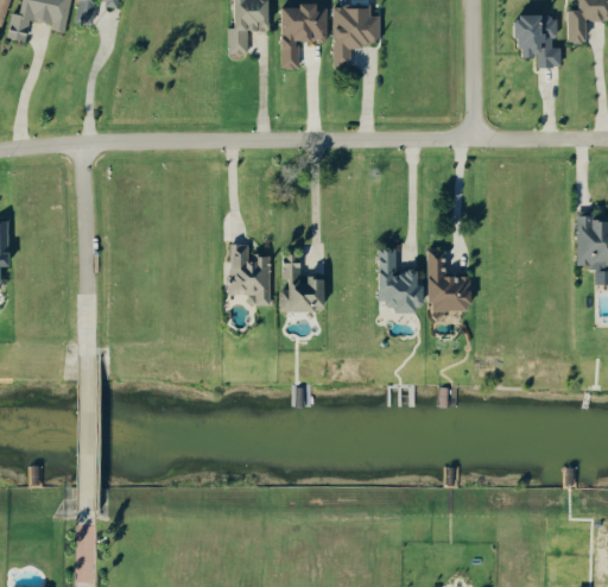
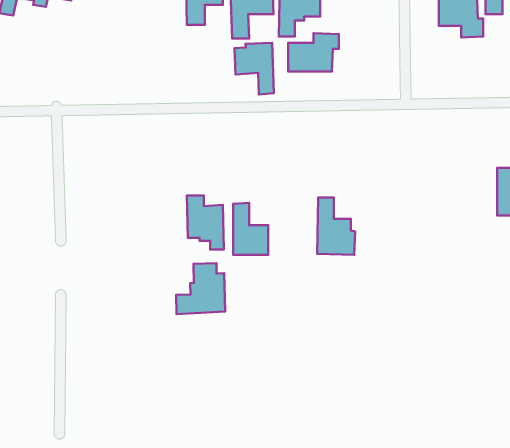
building: none -> [288,33,339,71]
building: none -> [234,43,274,94]
building: [426,248,470,309] -> none
building: none -> [176,263,225,314]

